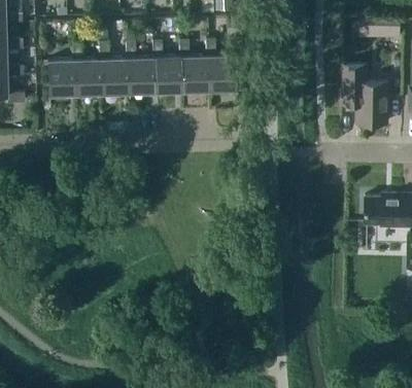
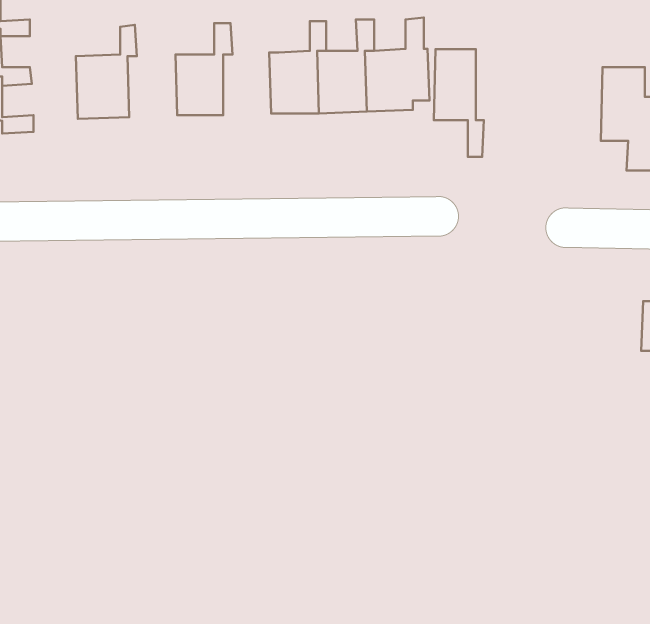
building: [130,41,161,94] -> none
building: [76,43,108,95] -> none
building: none -> [434,49,484,157]

